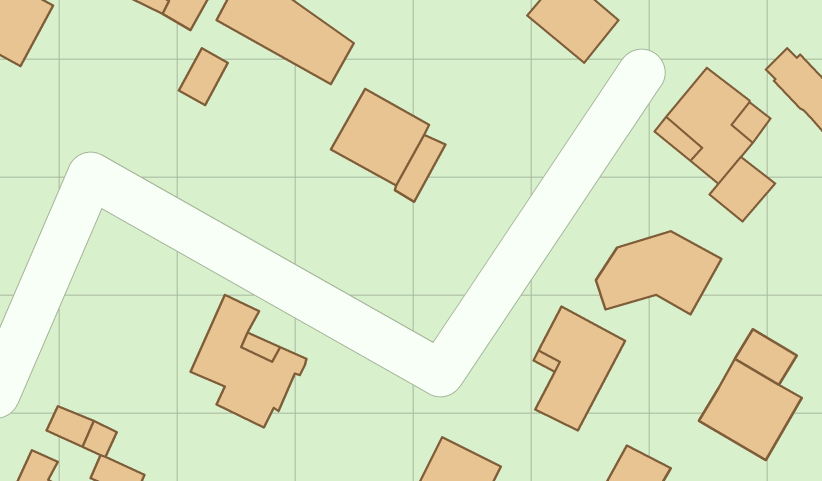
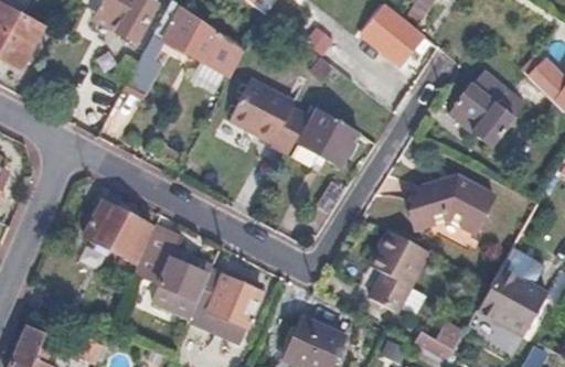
building: none -> [298,110,360,168]
building: [710,157,775,222] -> none
building: none -> [84,201,153,262]
building: none -> [190,269,262,341]

